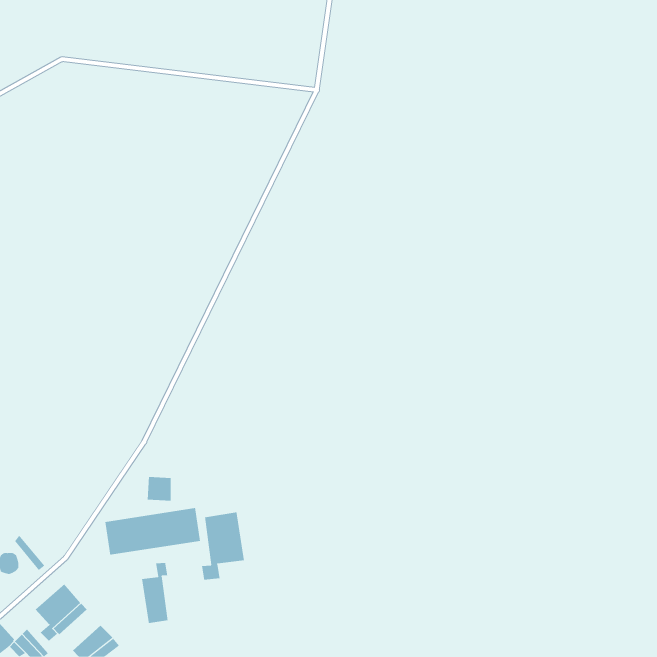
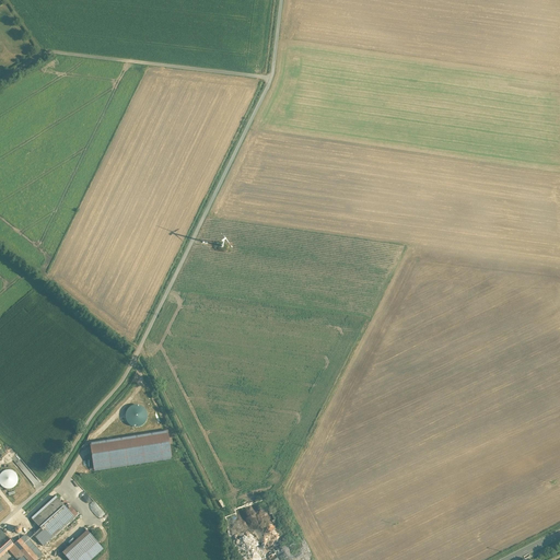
building: [201,512,244,580] -> none
building: [141,562,168,624] -> none

